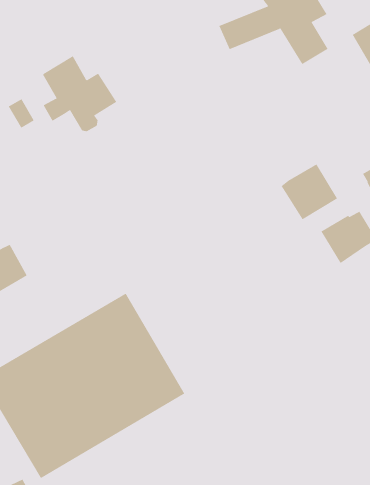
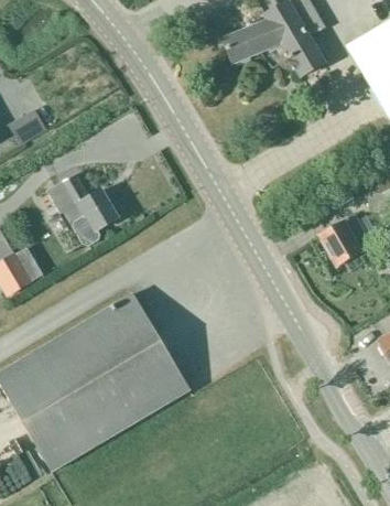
building: [42,55,117,132] -> [46,173,118,246]
building: [281,163,338,220] -> none

